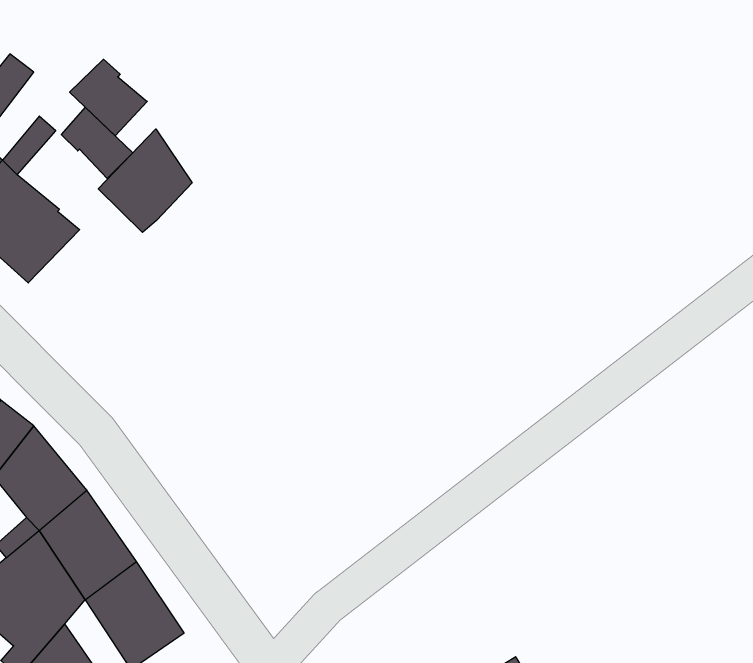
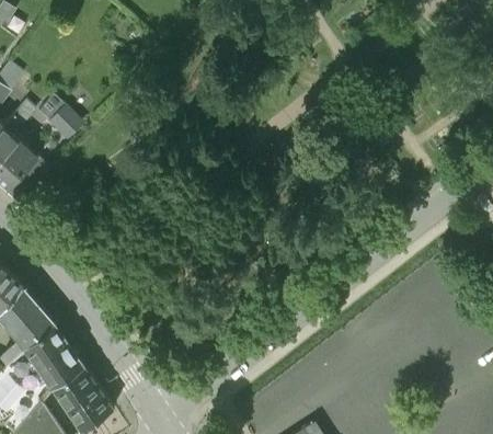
building: [70,59,147,136] -> none
building: [98,129,192,232] -> none

